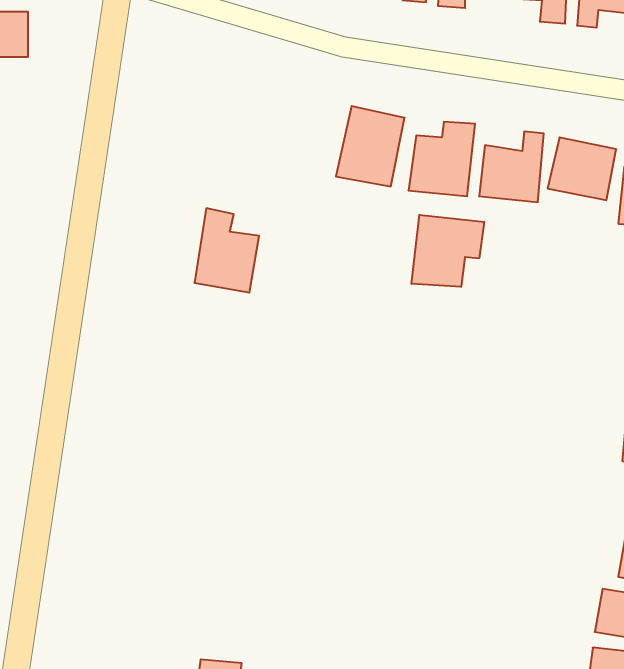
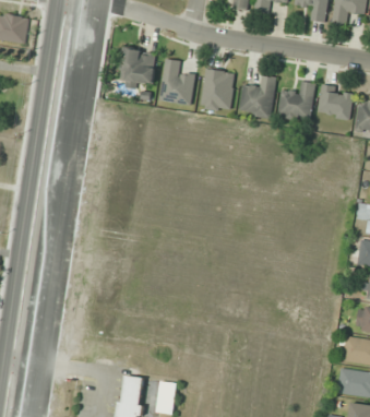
building: none -> [118,48,155,88]
building: [194,208,259,293] -> [158,59,194,106]
building: [412,215,484,287] -> none

